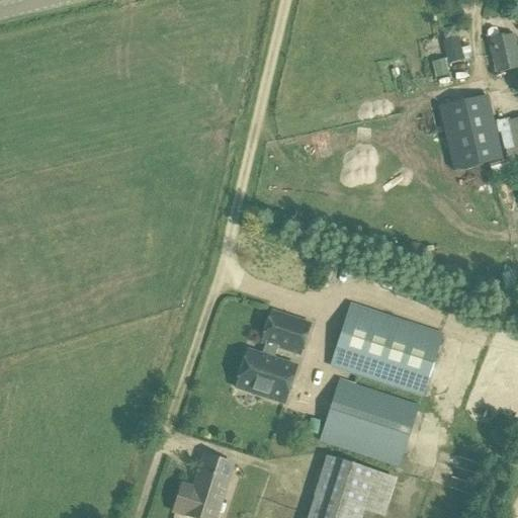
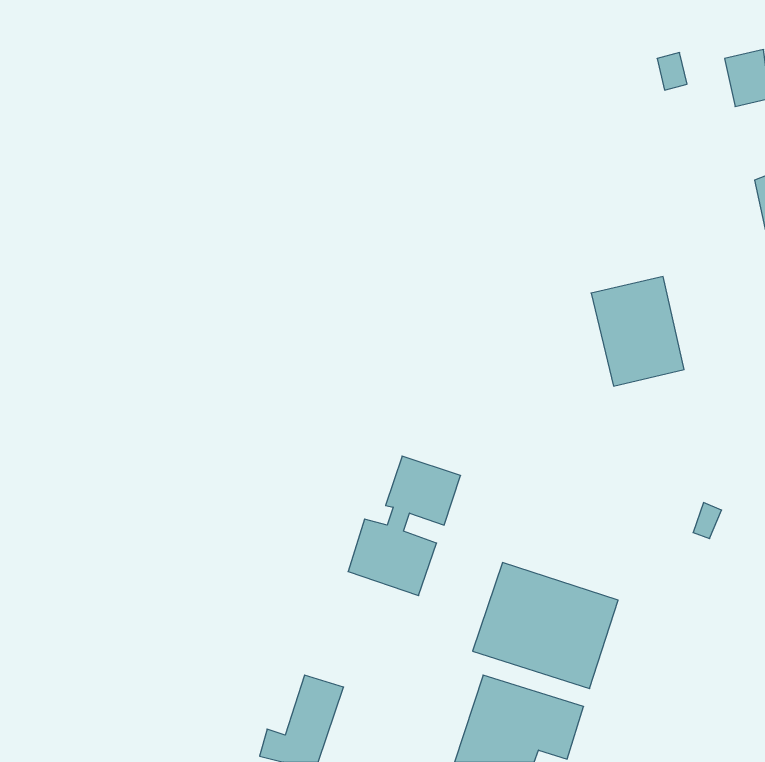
building: [440,95,503,169] -> [591,277,684,386]
building: [332,304,444,396] -> none

